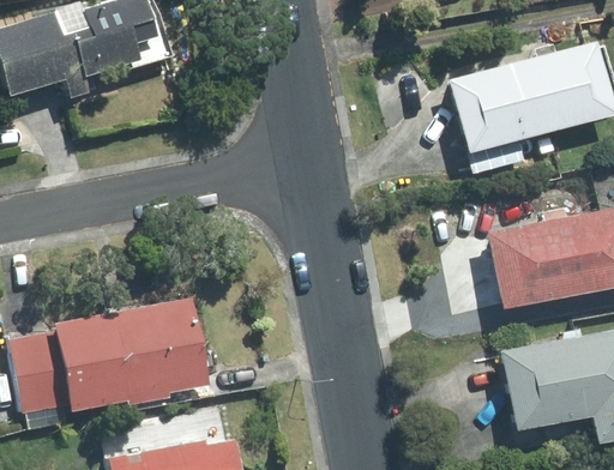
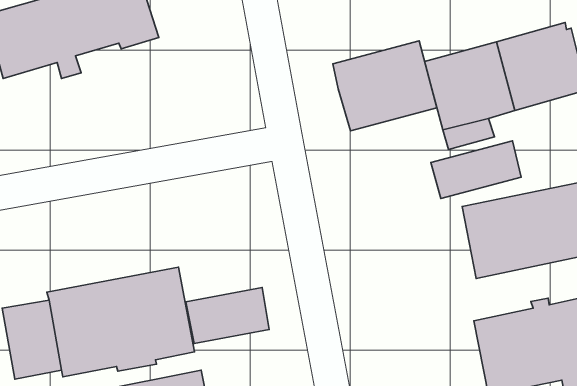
building: none -> [333,41,437,131]
building: none -> [431,141,521,198]
building: none -> [186,288,269,344]

